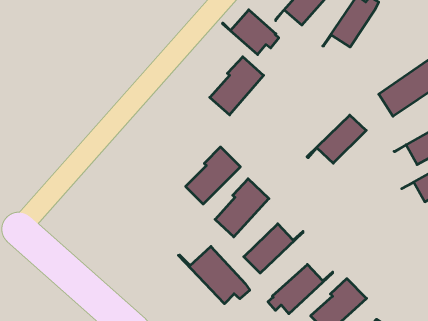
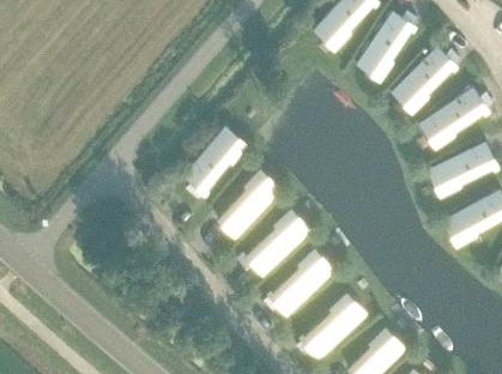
building: [223,10,279,55] -> none
building: [210,57,264,115] -> [188,129,247,193]
building: [307,115,366,163] -> [391,49,455,102]
building: [178,246,250,304] -> none

